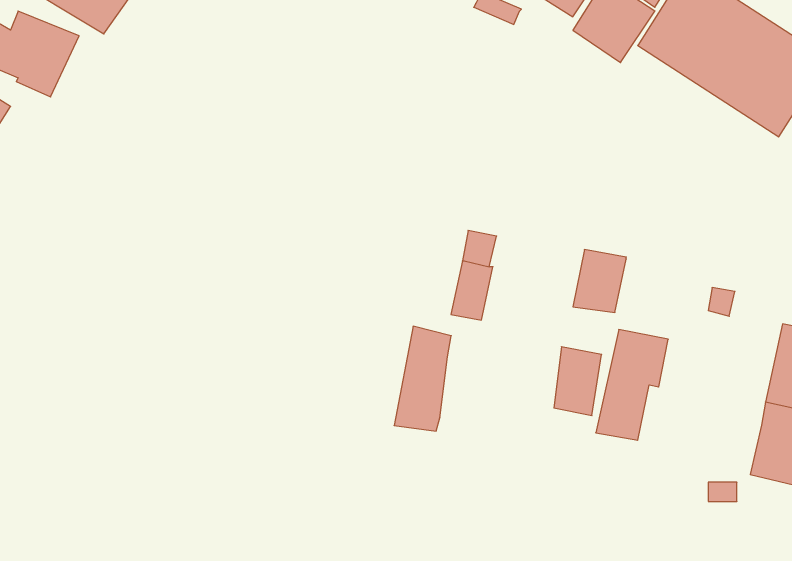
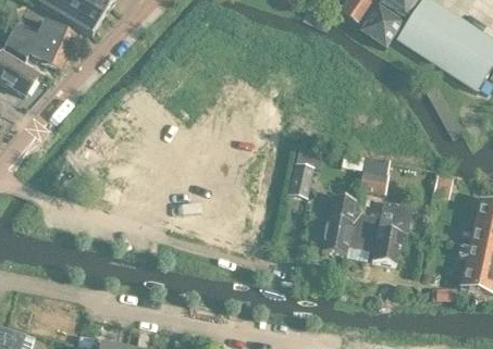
building: [394,326,451,431] -> [322,194,355,253]

